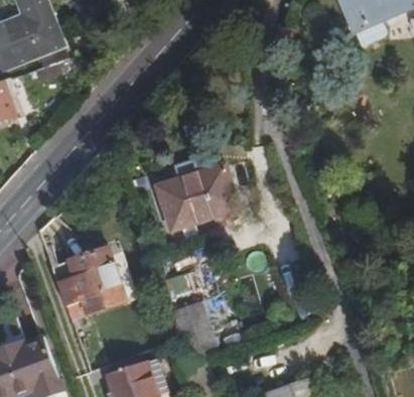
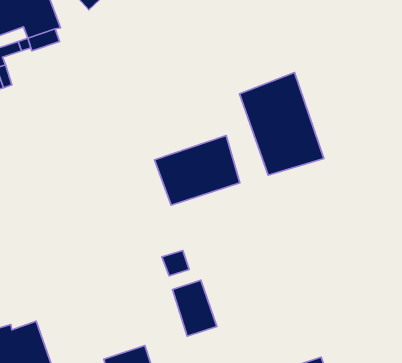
building: none -> [240,73,324,175]
building: [50,248,127,318] -> none

